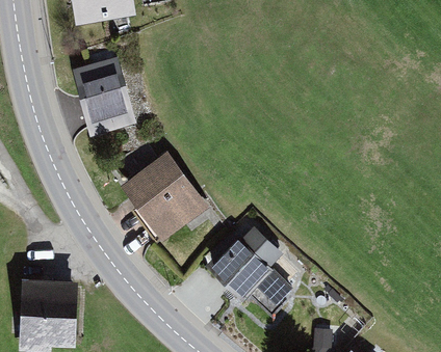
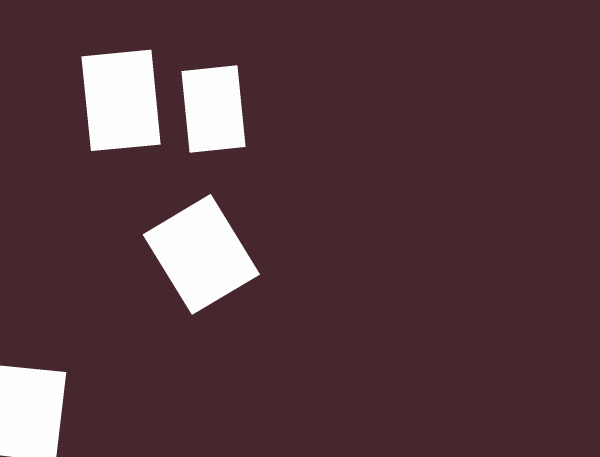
building: none -> [181,64,246,154]
building: [204,220,291,304] -> none

